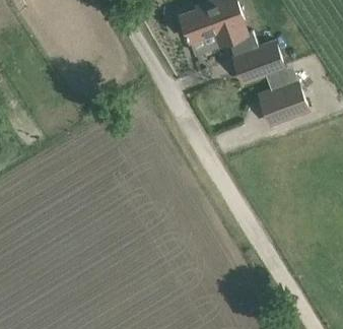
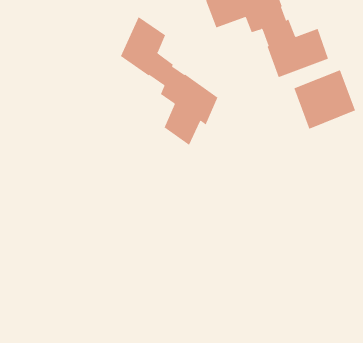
building: none -> [120,16,218,146]

